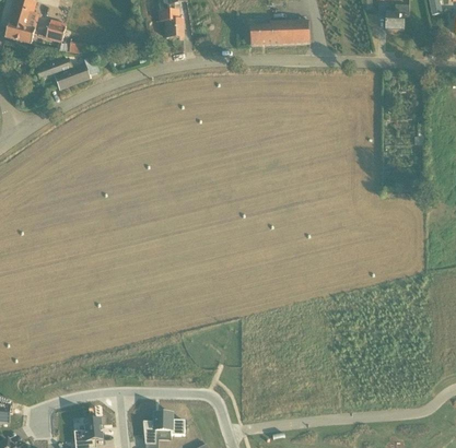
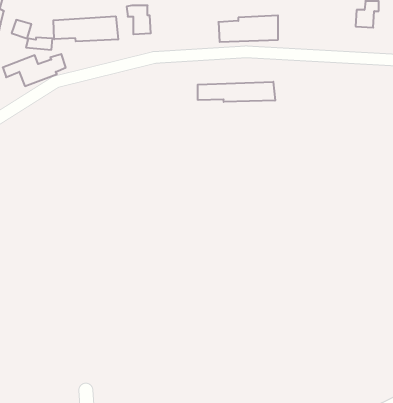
building: none -> [53,16,118,41]
building: none -> [198,82,275,102]

